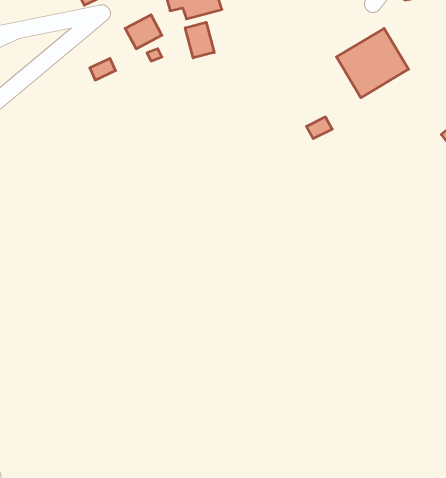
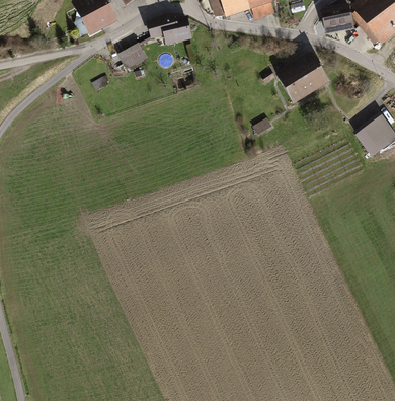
building: [185,22,214,58] -> none

